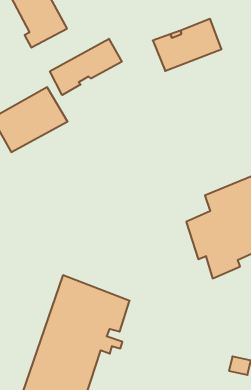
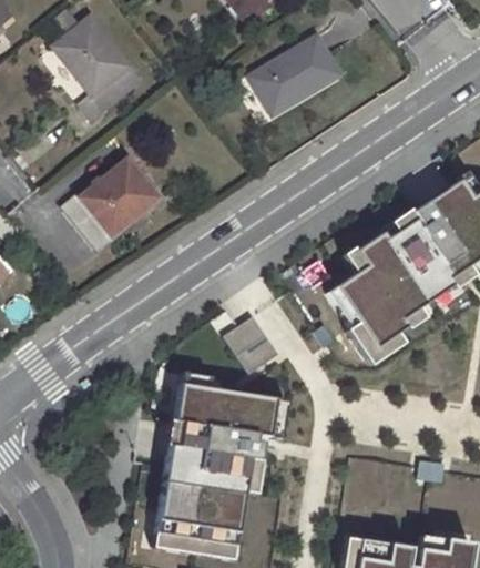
building: [50,39,122,95] -> none
building: none -> [222,311,277,369]

